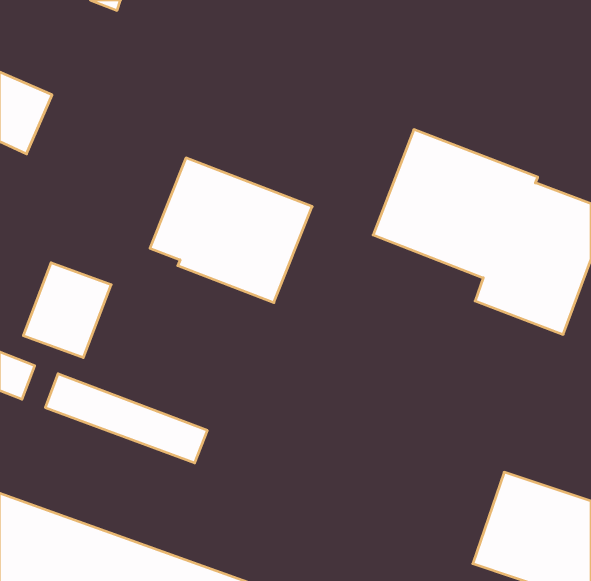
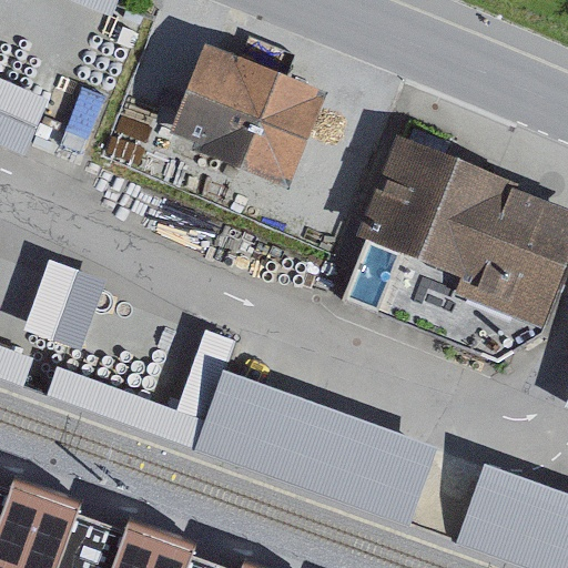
building: [150,158,312,303] -> [170,44,325,183]
building: none -> [192,369,437,529]

